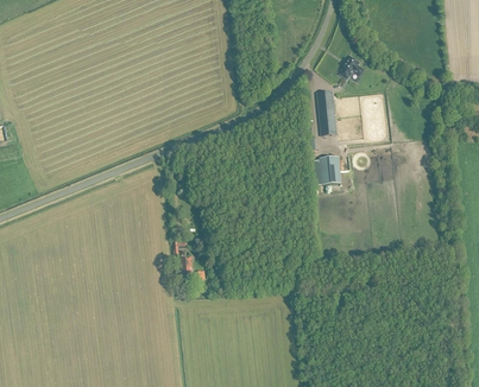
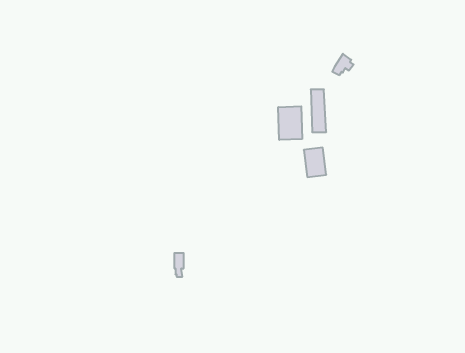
building: none -> [278,106,302,140]

